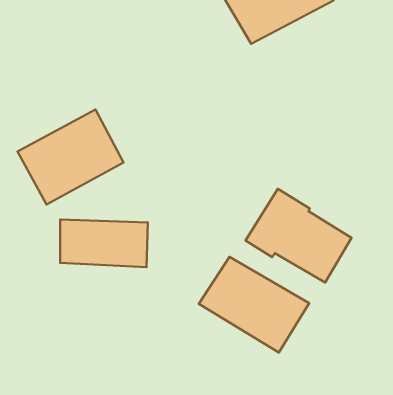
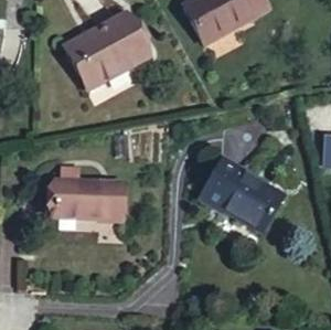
building: [17,110,123,204] -> [64,13,148,88]
building: [199,257,309,353] -> none

